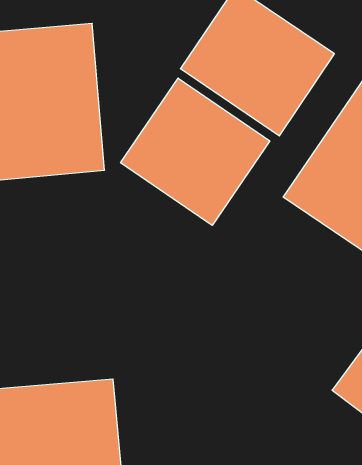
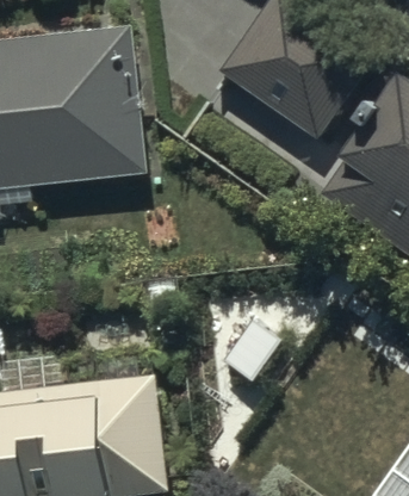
building: [121,78,270,225] -> none

